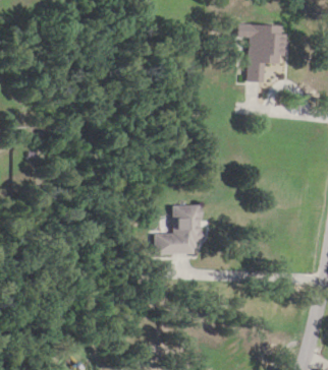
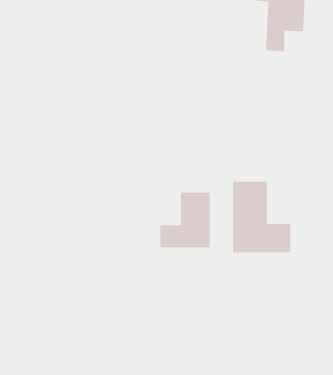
building: none -> [233,181,291,253]

